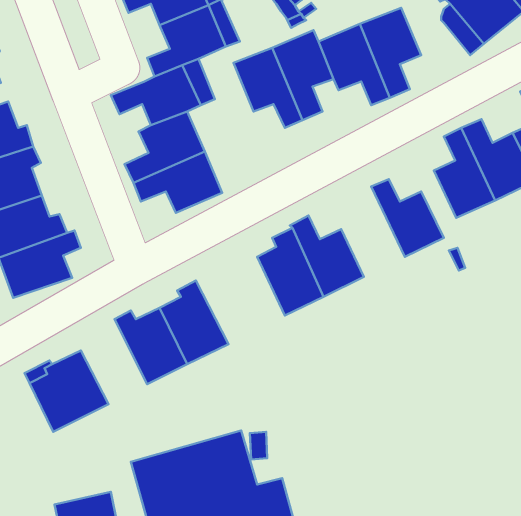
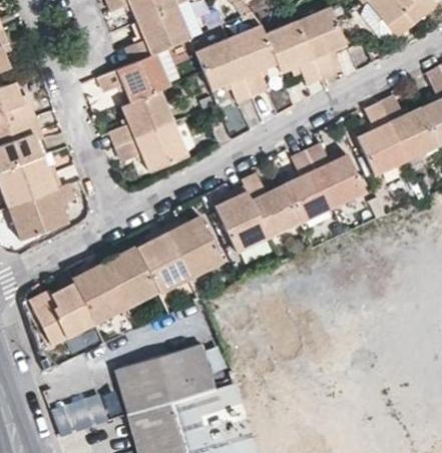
building: none -> [283,150,334,222]
building: none -> [166,216,223,277]
building: none -> [72,257,127,325]

